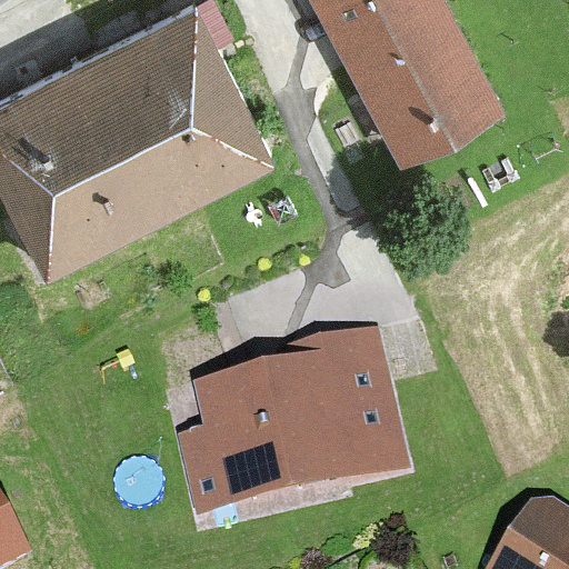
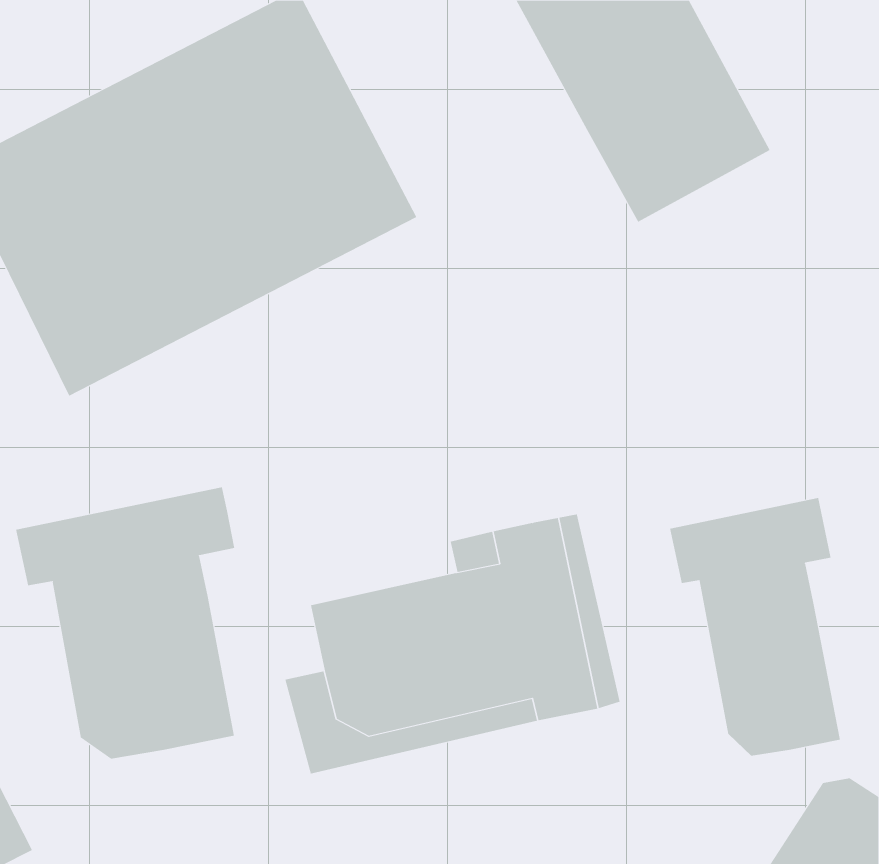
building: none -> [16,486,235,760]
building: none -> [670,497,840,757]

